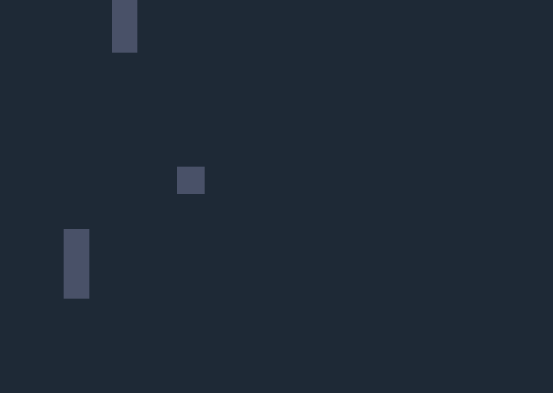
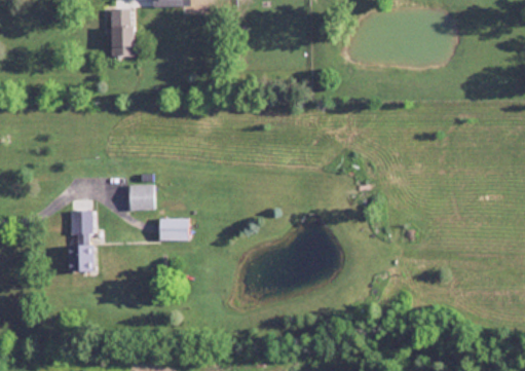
building: [176,166,205,194] -> [129,185,155,210]
building: none -> [159,219,189,240]

